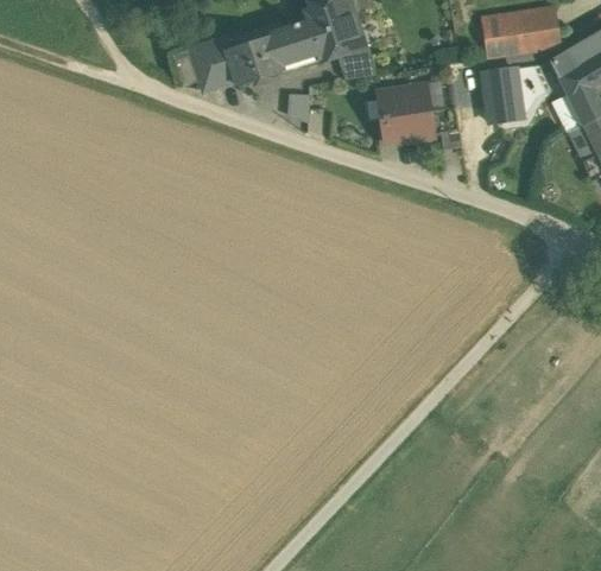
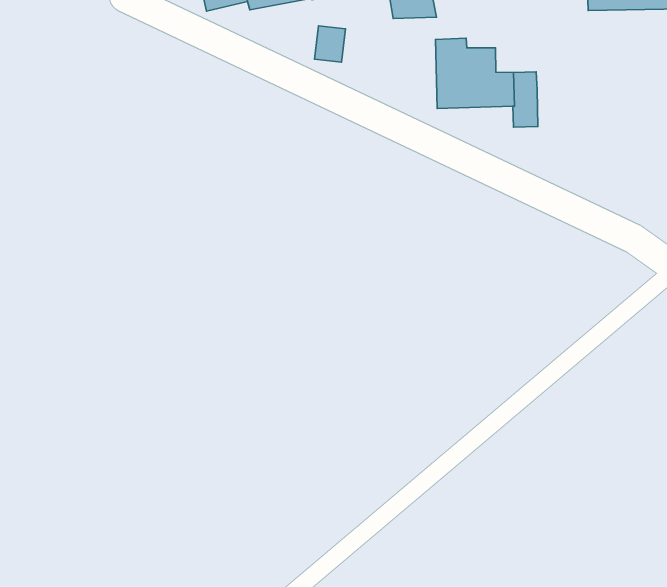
building: [483,68,523,121] -> none

